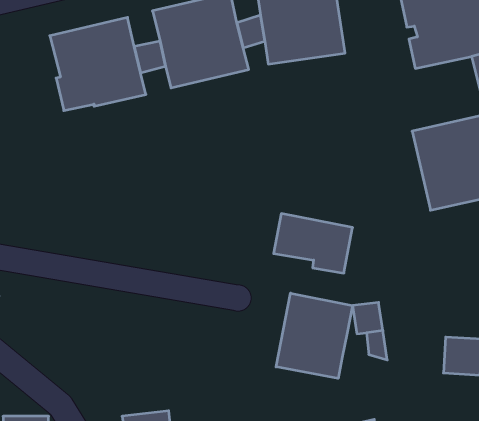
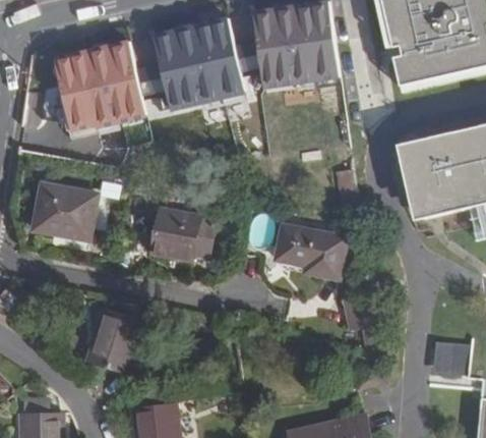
building: none -> [31,184,95,240]
building: none -> [149,211,211,260]
building: [276,293,353,378] -> none
building: none -> [83,314,140,377]

